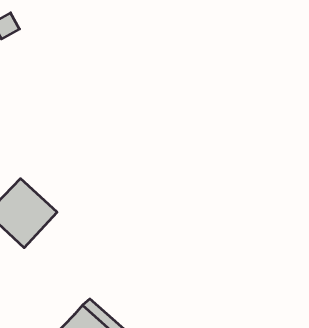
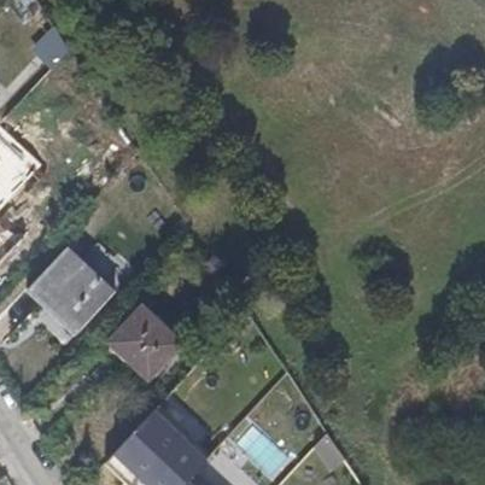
building: none -> [103,314,175,385]

